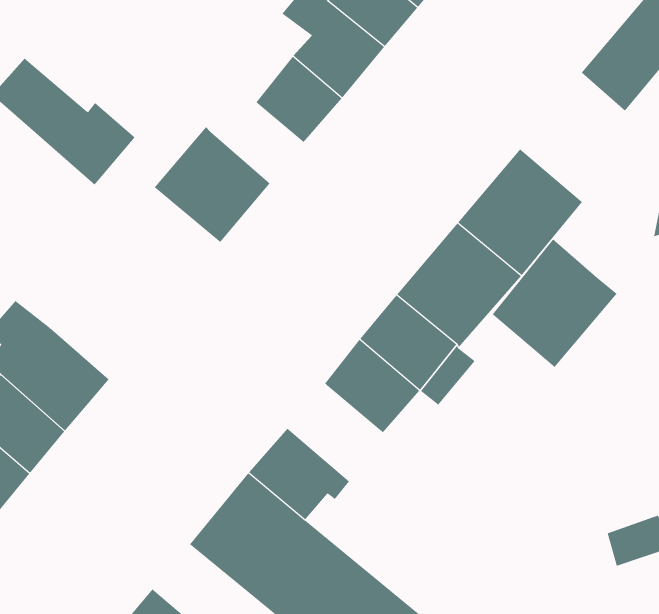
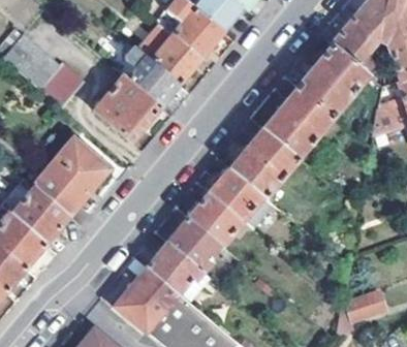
building: none -> [126,55,178,105]
building: [492,238,618,368] -> [299,43,369,116]
building: none -> [36,138,108,215]
building: none -> [168,217,221,272]

